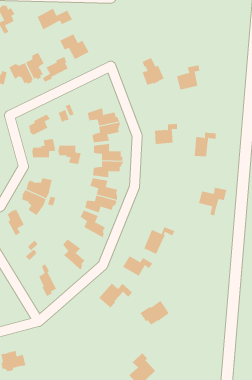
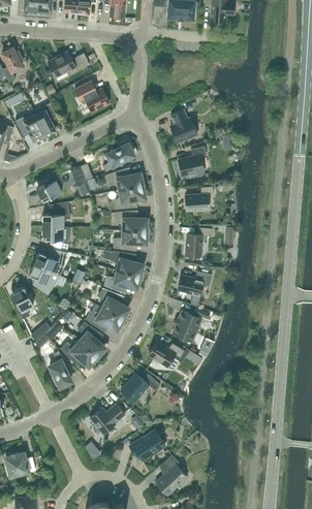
building: [42,56,68,82] -> [102,140,133,171]
building: [176,65,200,90] -> [178,147,206,177]
building: [194,132,217,157] -> [185,228,212,257]
building: [58,145,81,165] -> [41,227,69,250]
building: [198,187,227,216] -> [178,272,212,306]
building: none -> [86,305,125,330]
building: none -> [60,342,99,367]
building: [140,300,170,326] -> [129,431,164,460]
building: none -> [90,405,125,434]

